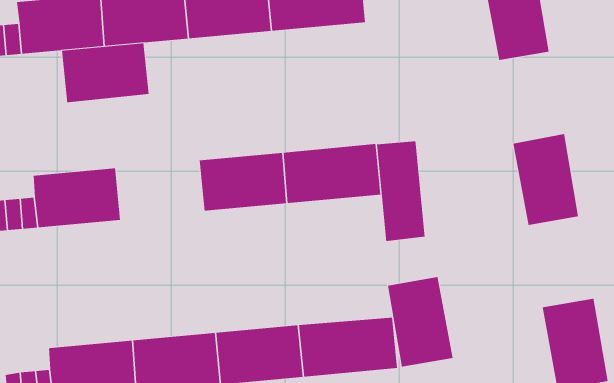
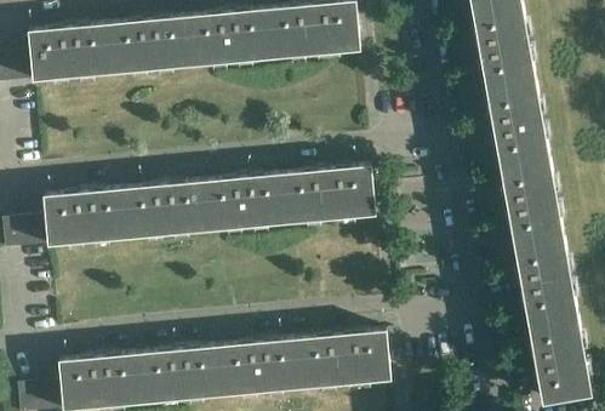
building: [61,43,149,103] -> [122,182,206,239]
building: none -> [486,79,549,166]
building: [376,140,425,242] -> none
building: [387,277,454,367] -> [514,235,577,321]

